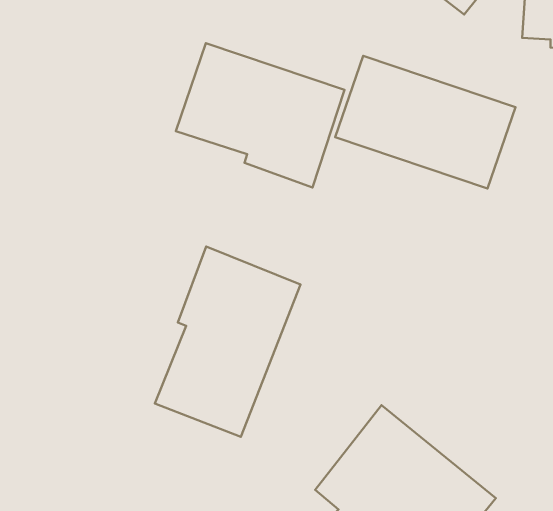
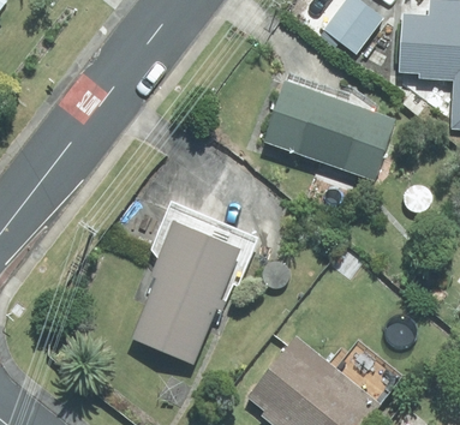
building: [176,43,344,187] -> none

